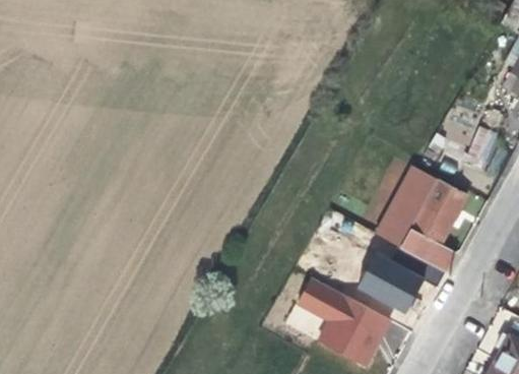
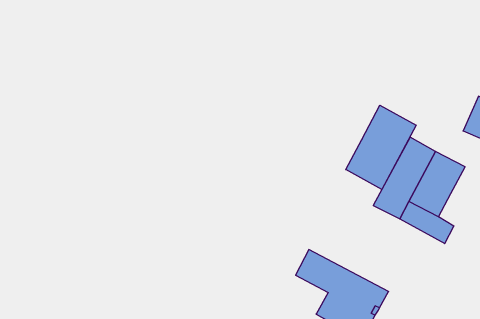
building: none -> [346,105,416,189]
building: [361,255,424,312] -> none

